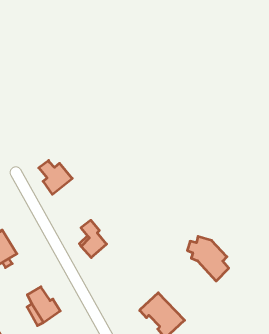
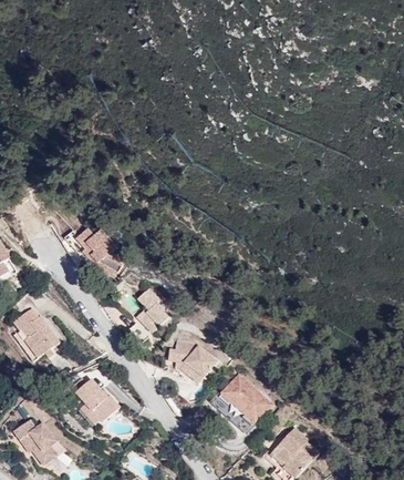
building: [187,236,229,281] -> [164,336,215,387]

